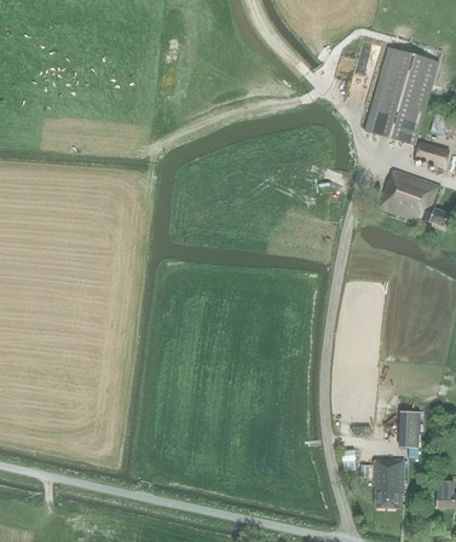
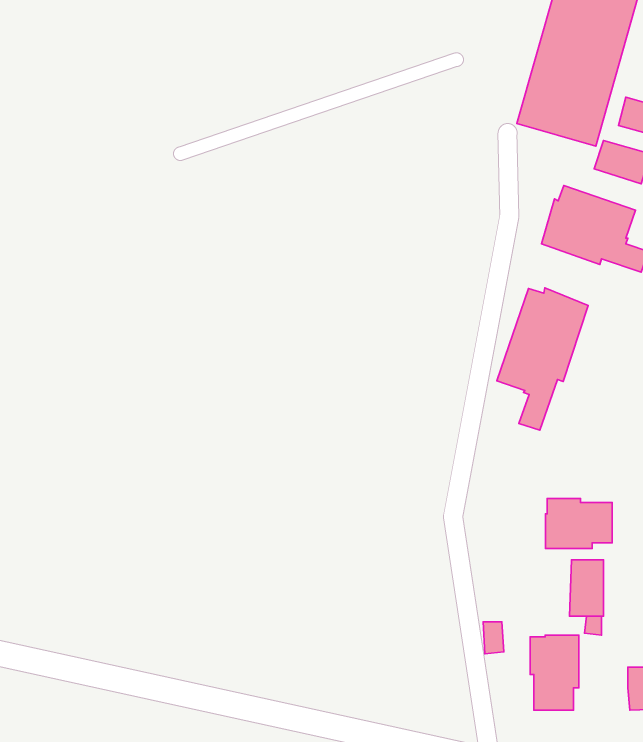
building: none -> [497,288,588,430]
building: none -> [546,499,612,549]

